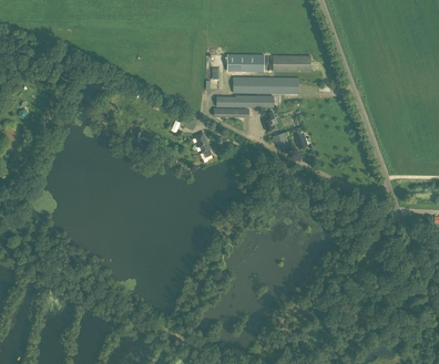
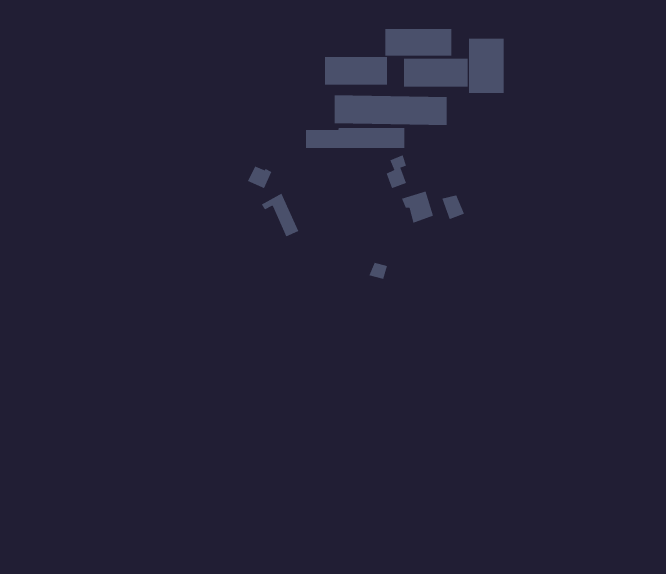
building: none -> [385,28,452,56]
building: none -> [469,38,504,94]

